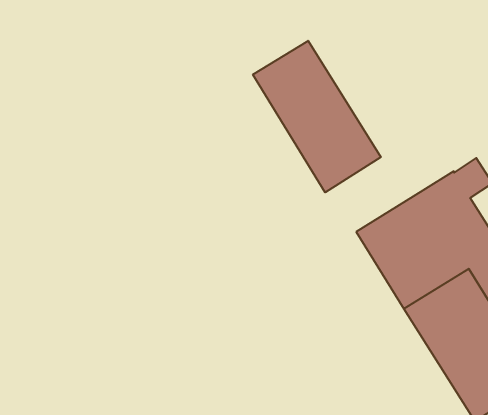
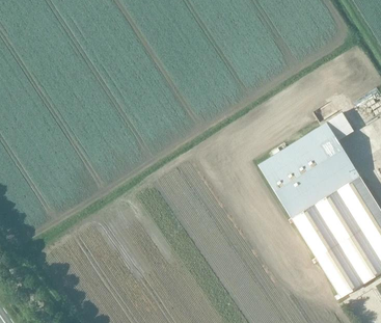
building: [253,41,381,192] -> none

